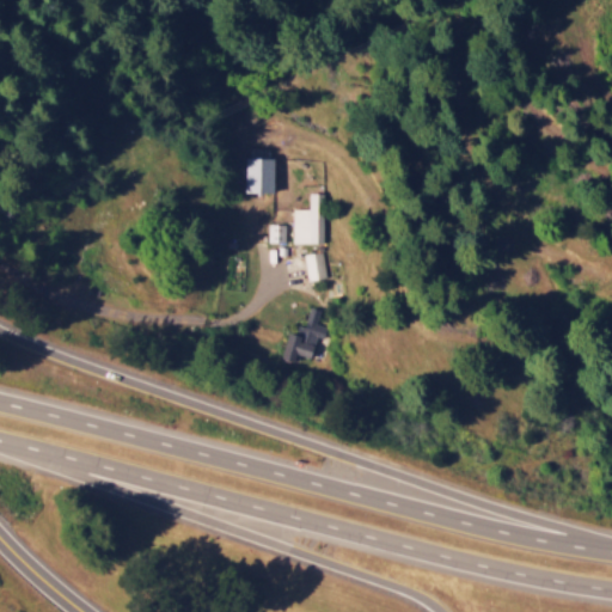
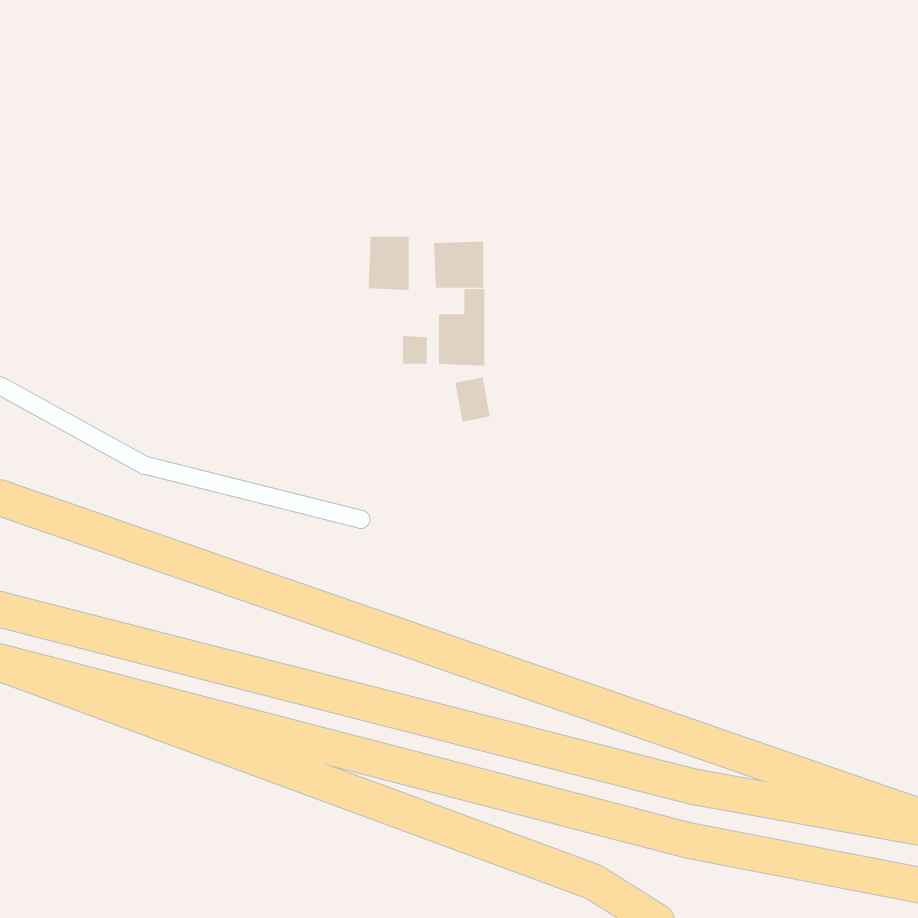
building: none -> [433,241,484,288]
building: [280,308,328,363] -> none

